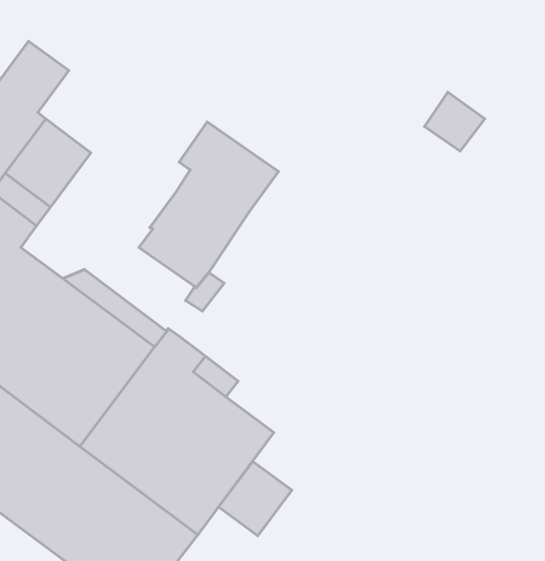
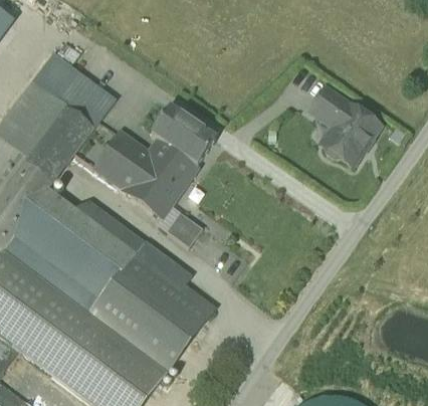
building: none -> [59,73,115,127]
building: none -> [322,105,379,164]
building: none -> [95,132,149,188]
building: none -> [166,211,202,246]
building: [219,461,292,536] -> none

